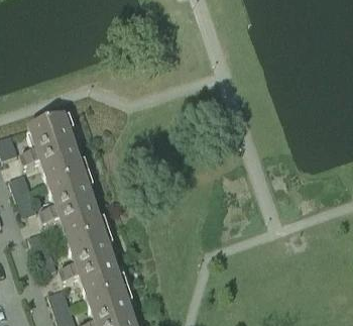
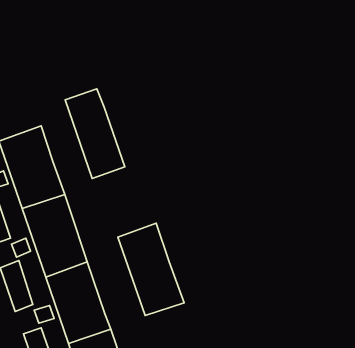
building: none -> [65,89,125,179]
building: none -> [118,223,184,316]

